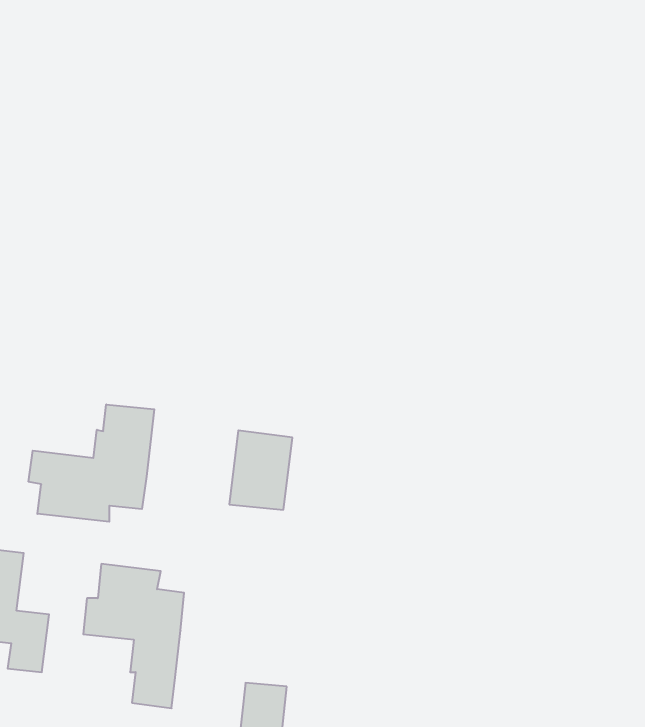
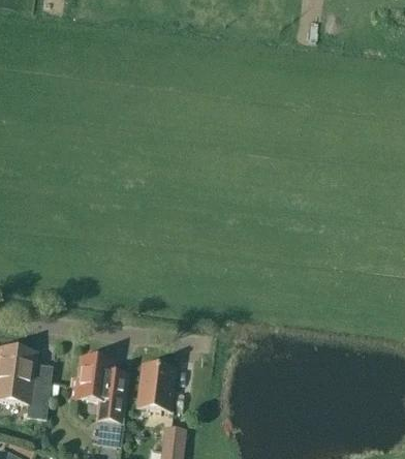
building: [29,404,154,522] -> none
building: [229,430,292,510] -> [138,364,175,409]

